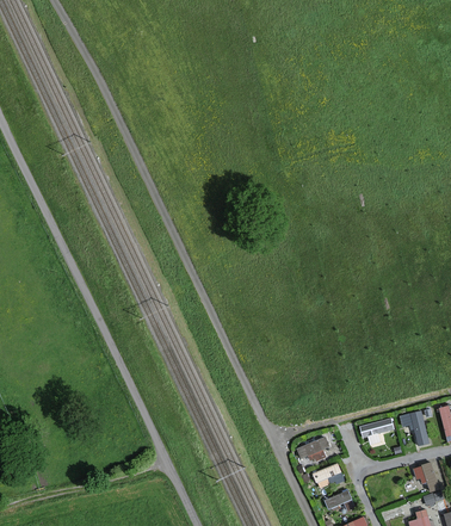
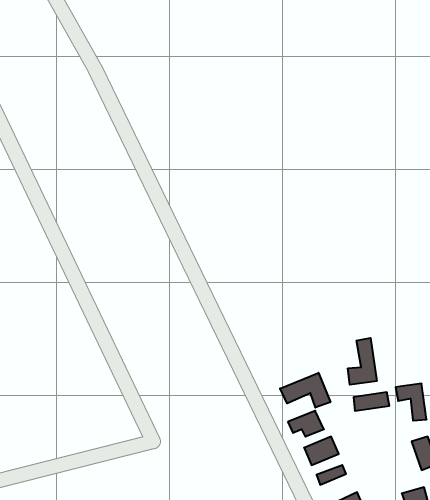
building: none -> [348,338,377,385]
building: none -> [280,373,330,408]

